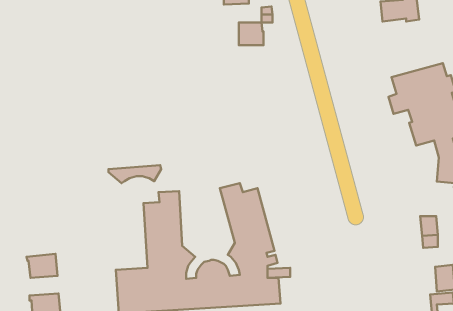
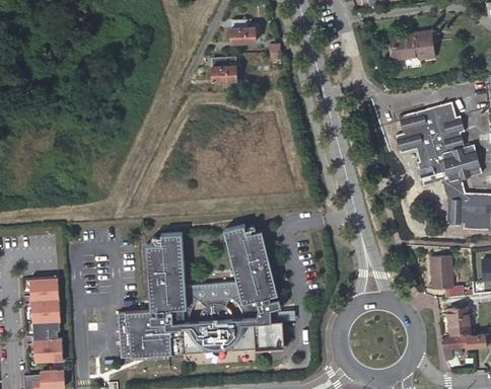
building: [239,22,264,45] -> [211,58,236,81]
building: [109,165,161,183] -> [188,282,241,300]
building: none -> [28,276,58,300]
building: none -> [31,319,59,339]

